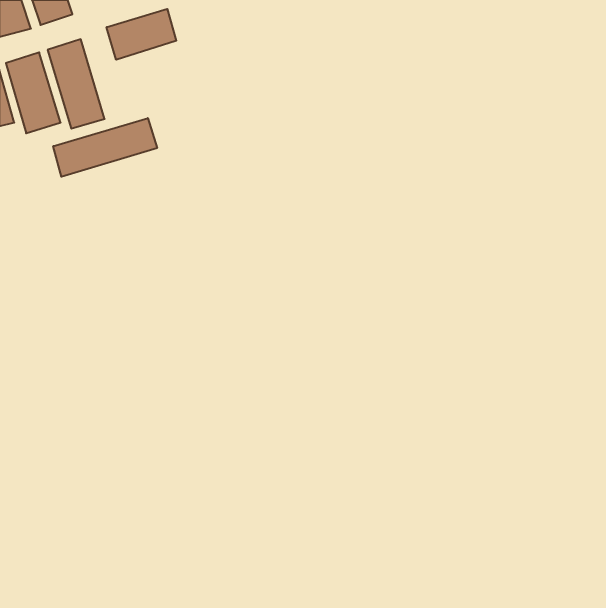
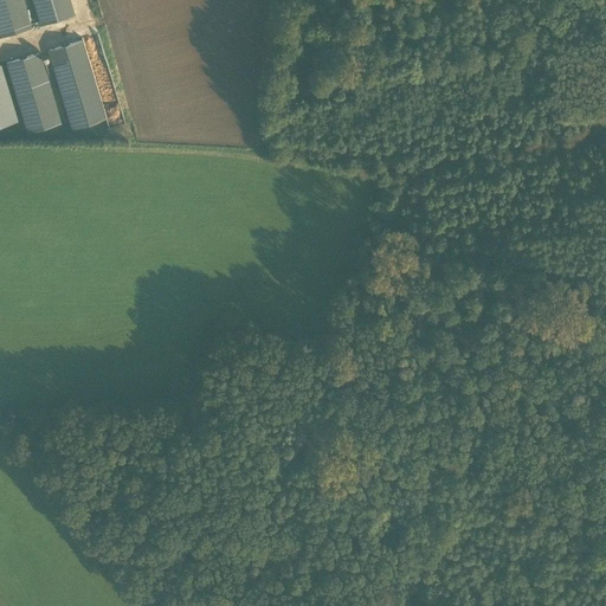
building: [107,9,176,60] -> none
building: [53,118,157,177] -> none

